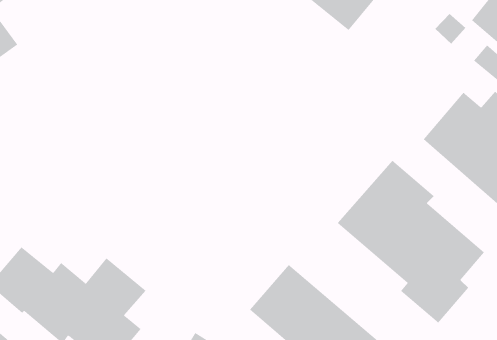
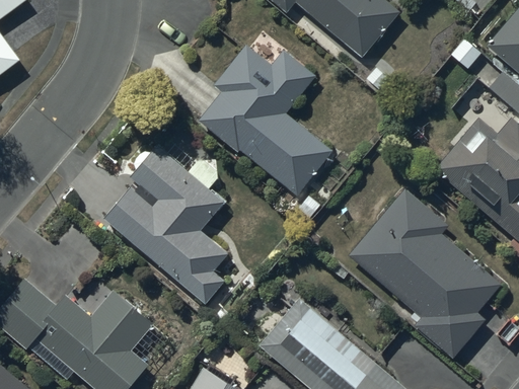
building: none -> [198,44,331,196]
building: none -> [103,145,227,304]

